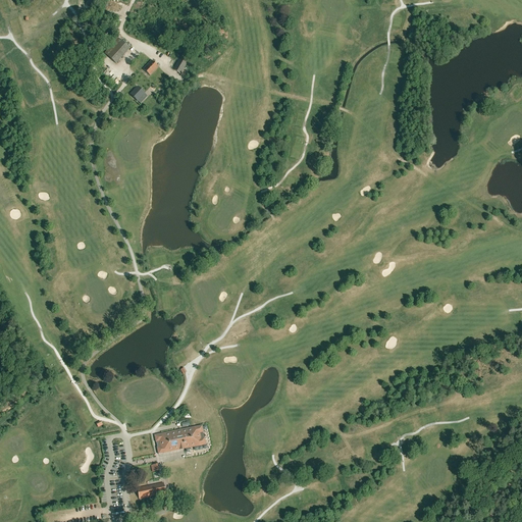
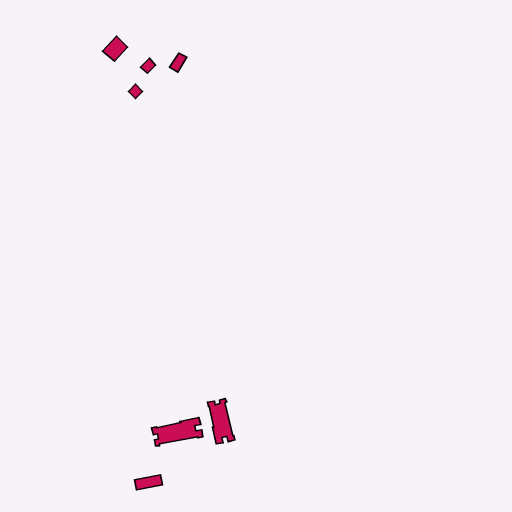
building: none -> [207,399,235,444]

